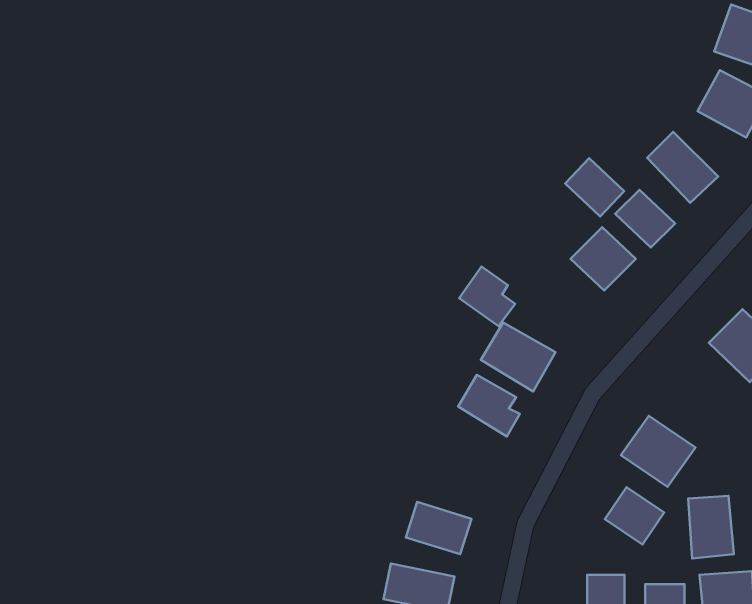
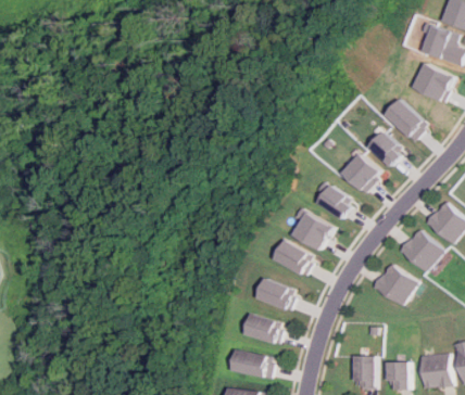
building: [565,158,624,217] -> none
building: [459,266,515,326] -> [318,184,351,219]
building: none -> [397,229,440,272]
building: none -> [260,279,298,310]
building: [605,487,664,545] -> none
building: [688,496,734,558] -> none

